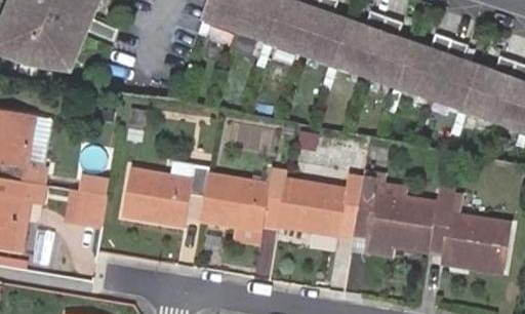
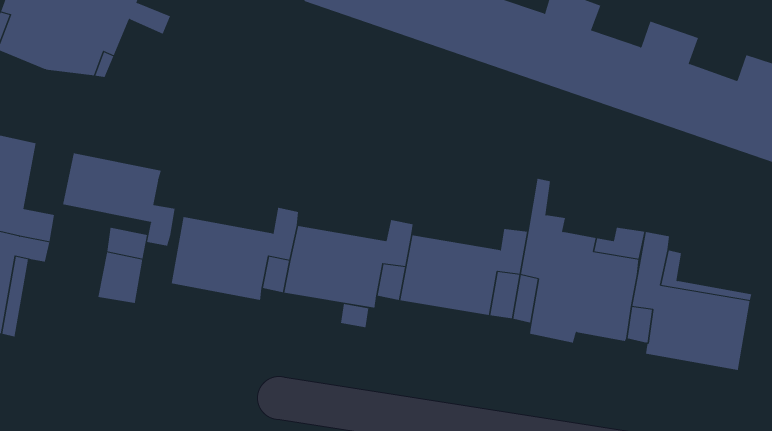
building: none -> [63,153,175,246]

